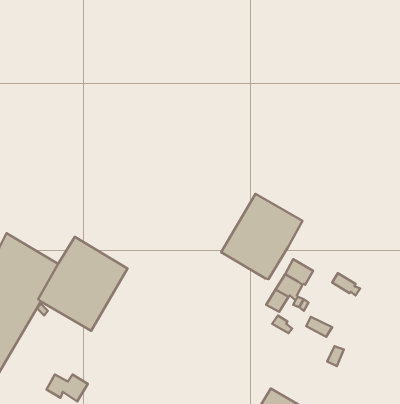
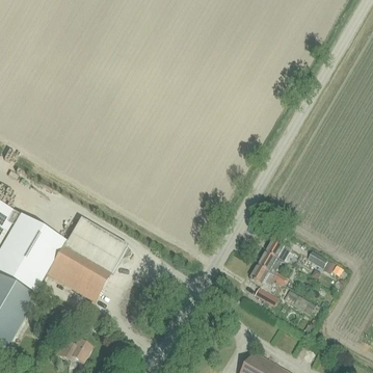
building: [221,194,303,279] -> none

